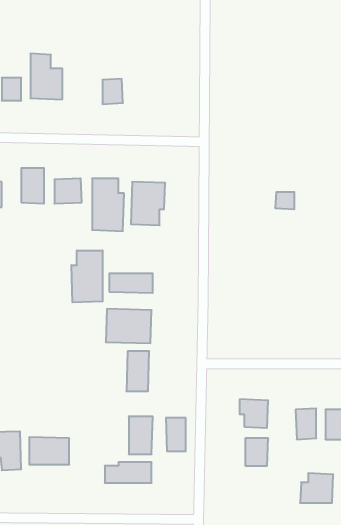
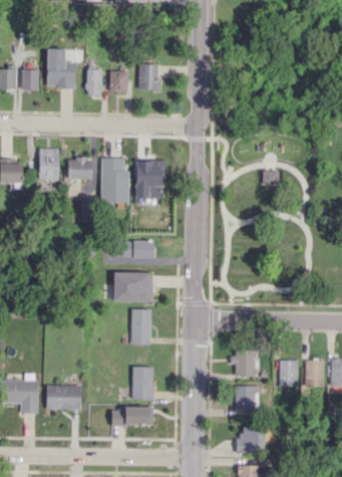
building: none -> [138,64,159,88]
building: none -> [86,68,102,95]
building: [71,250,103,302] -> none
building: [166,418,186,451] -> none
building: [300,473,333,503] -> [236,427,265,453]

